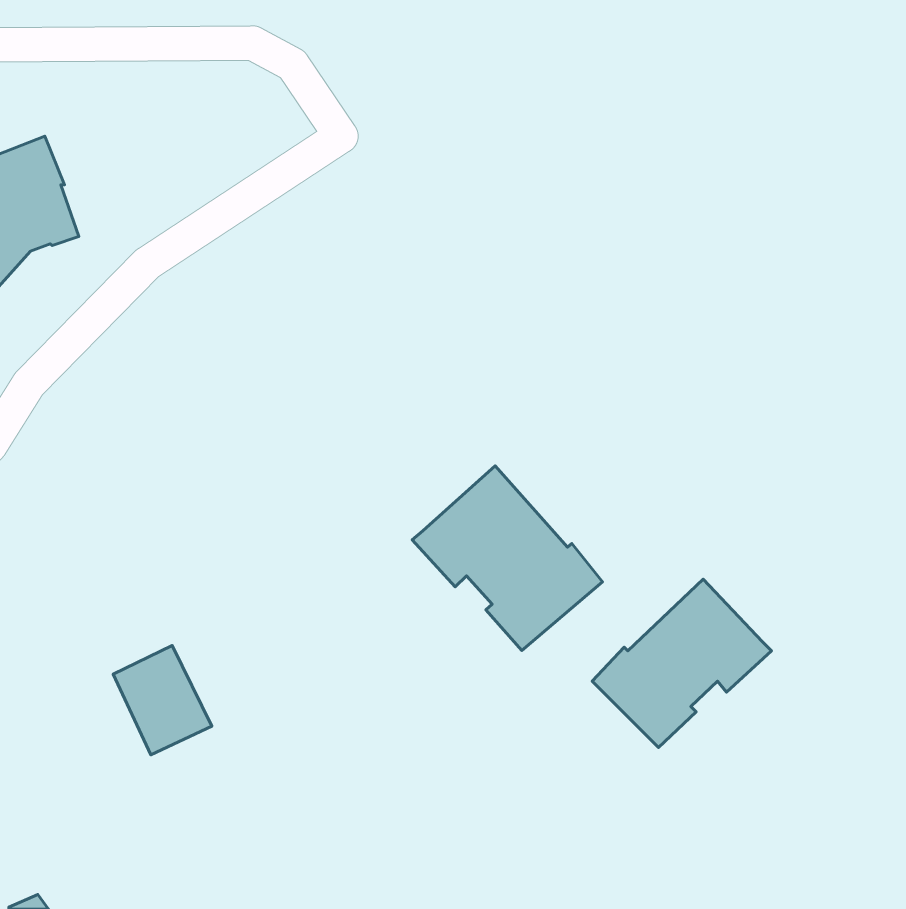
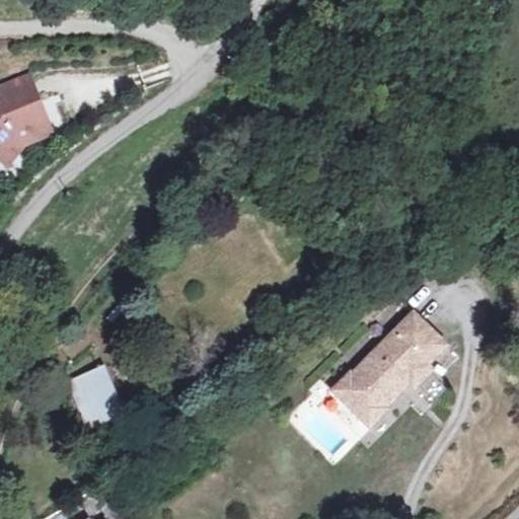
building: [412,466,602,650] -> none
building: none -> [397,309,450,363]

